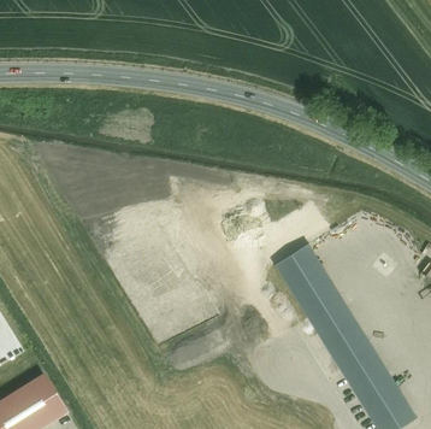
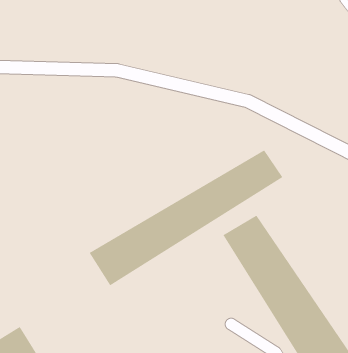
building: none -> [89,149,283,286]

